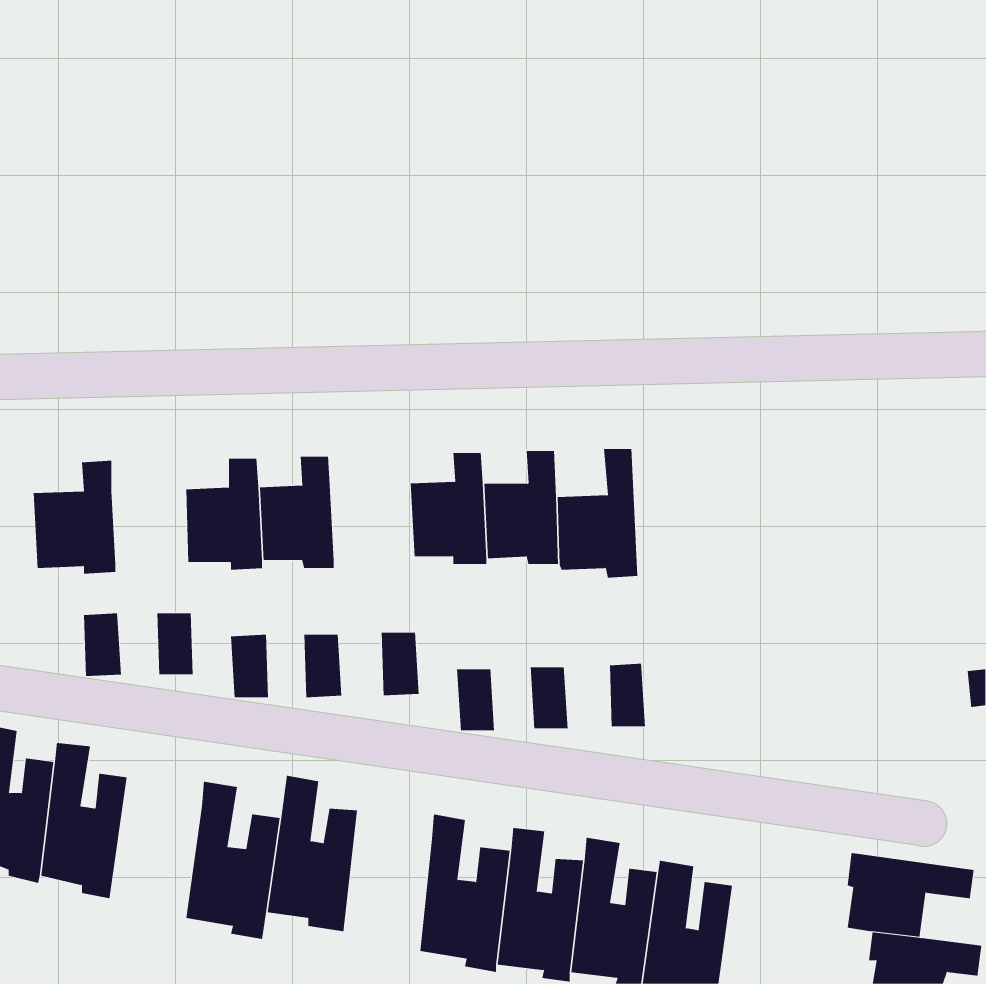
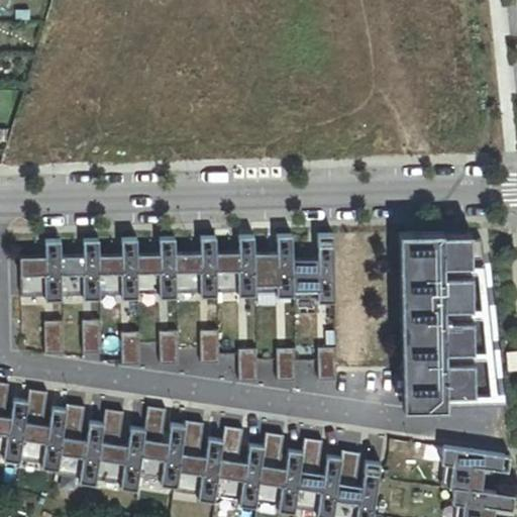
building: none -> [173,237,216,296]
building: none -> [59,239,99,299]
building: none -> [405,239,498,403]
building: none -> [57,402,105,485]
building: none -> [179,419,225,501]

